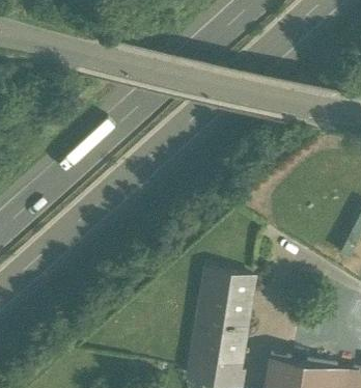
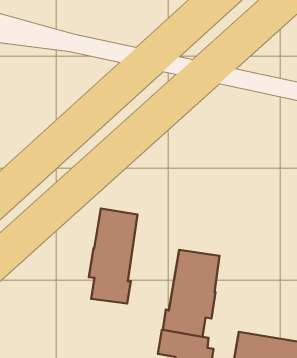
building: none -> [89,209,137,303]

